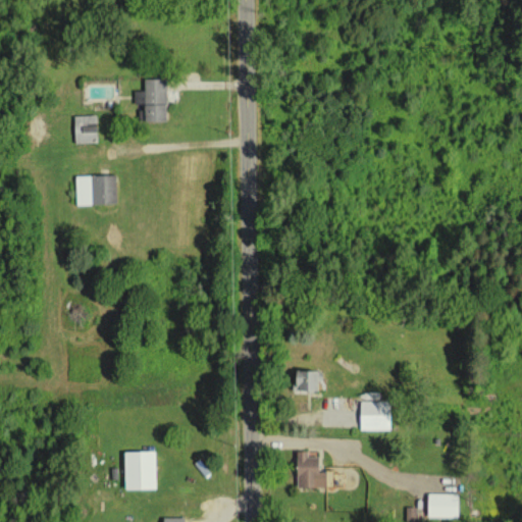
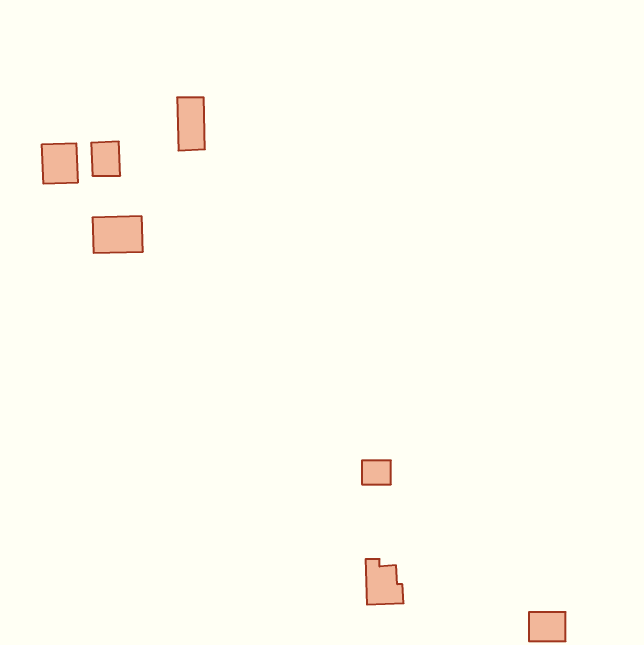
building: none -> [42,143,78,184]
building: [361,401,388,430] -> none
building: [124,452,157,490] -> none

